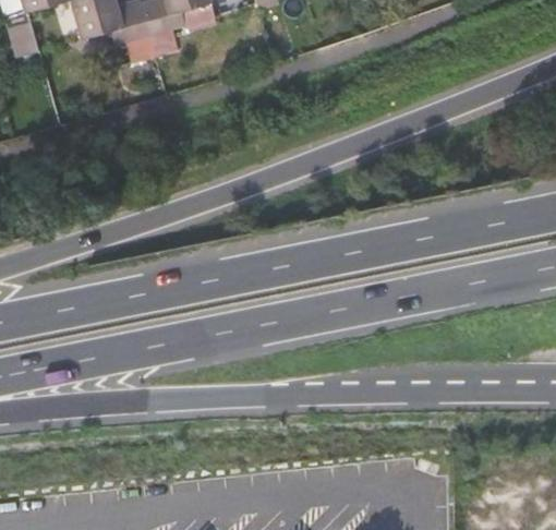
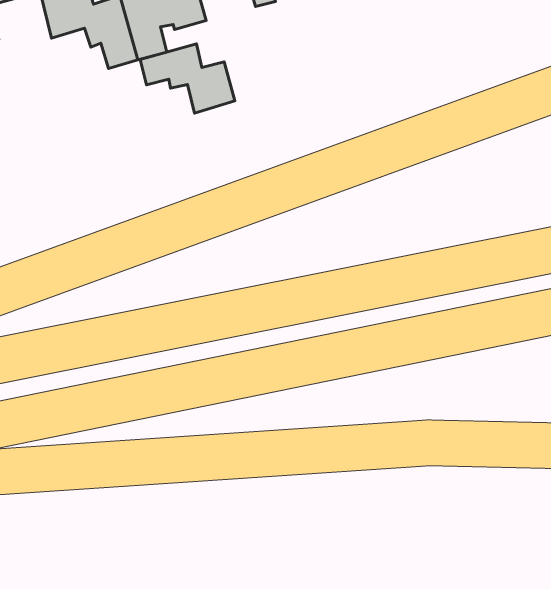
building: none -> [140,44,235,113]

